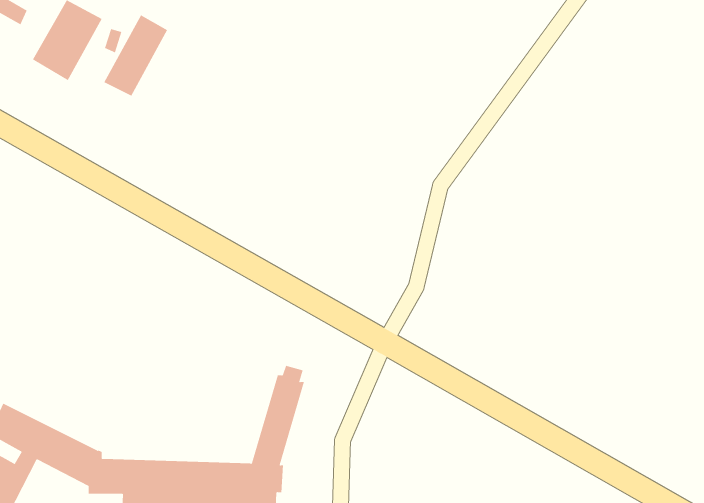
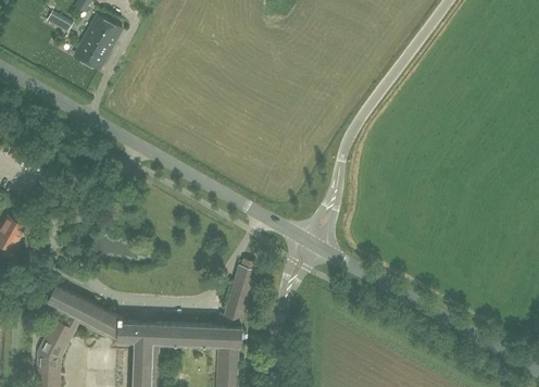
building: [103,15,168,97] -> none

